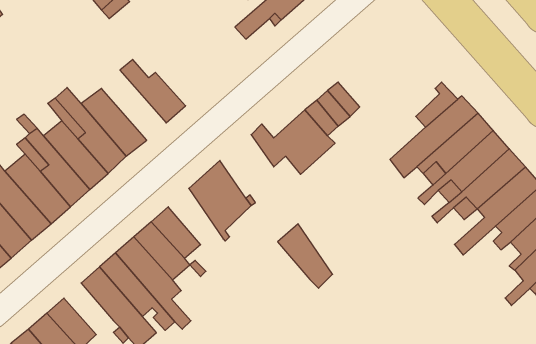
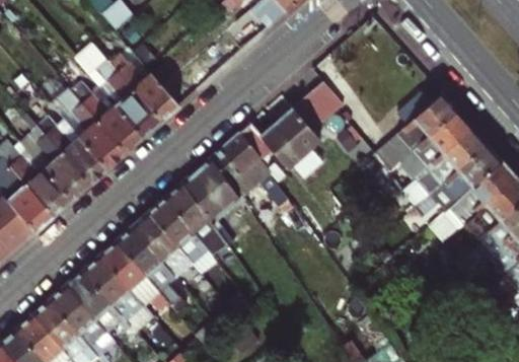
building: none -> [76,43,162,137]
building: none -> [213,132,262,185]
building: [278,224,333,288] -> [164,183,216,243]
building: none -> [66,272,113,320]

